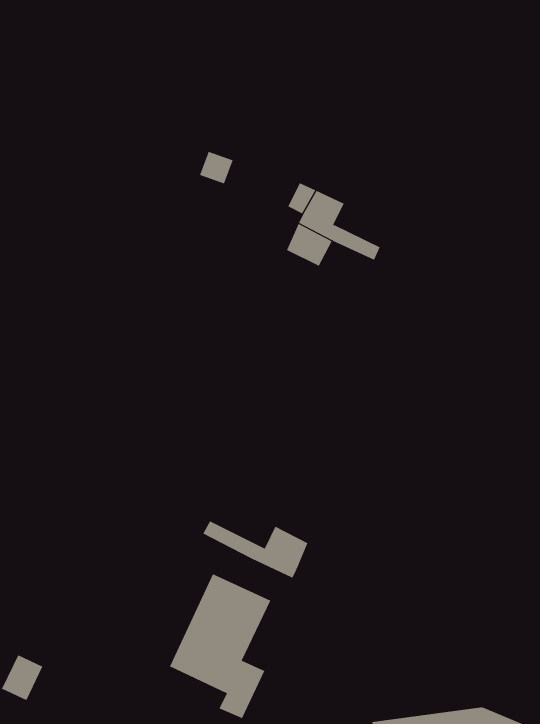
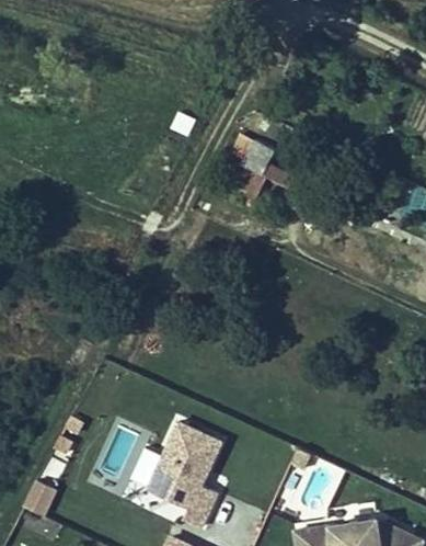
building: [203,520,308,578] -> none

